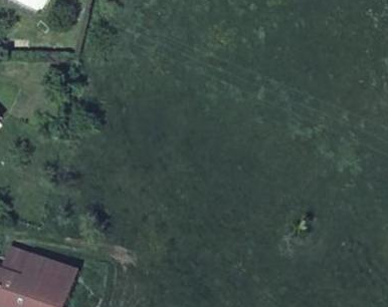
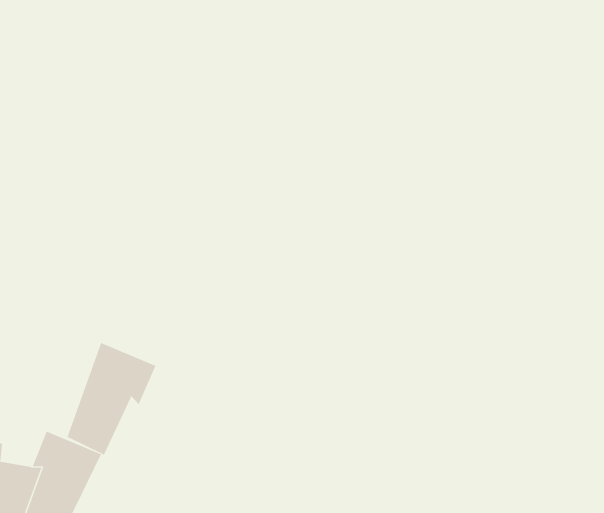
building: none -> [67,342,156,455]

